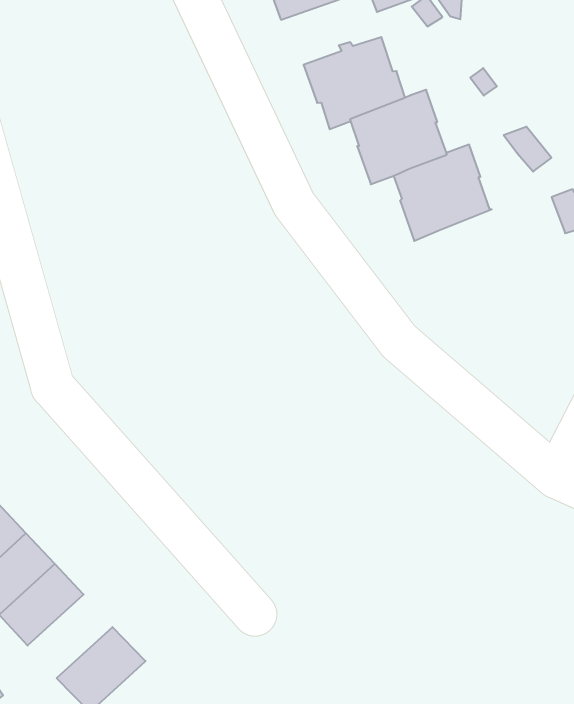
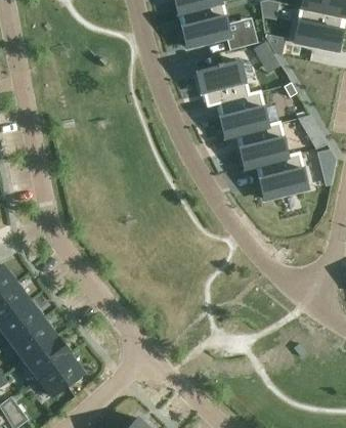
building: none -> [258,153,306,199]
building: none -> [23,335,68,377]

